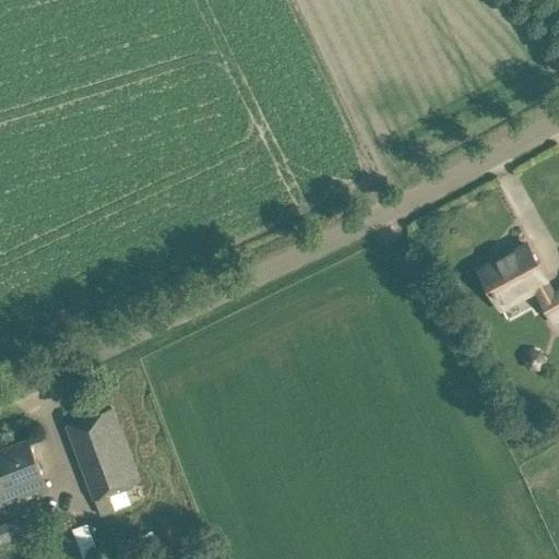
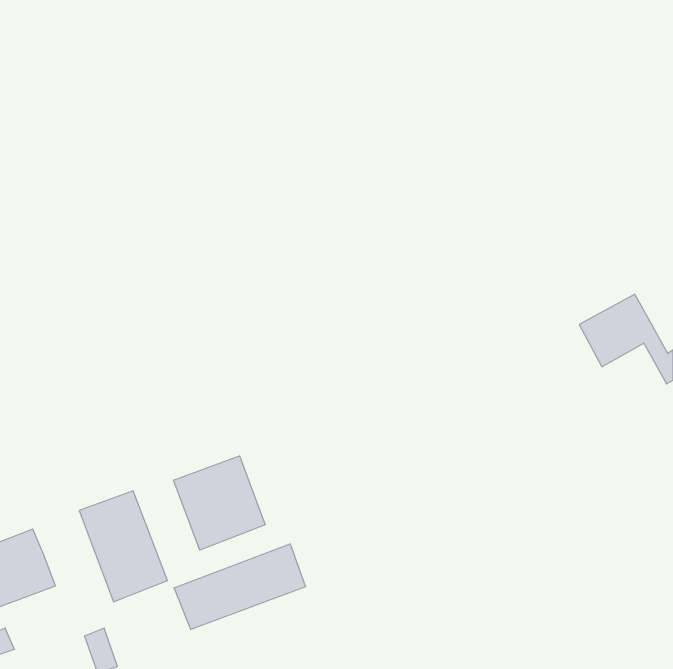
building: none -> [173,456,265,550]
building: none -> [174,544,306,630]

